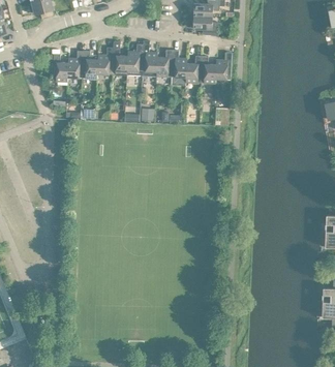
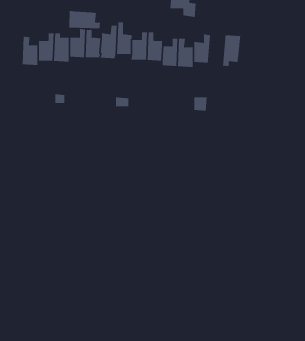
building: none -> [69,10,100,29]
building: none -> [223,35,241,67]

